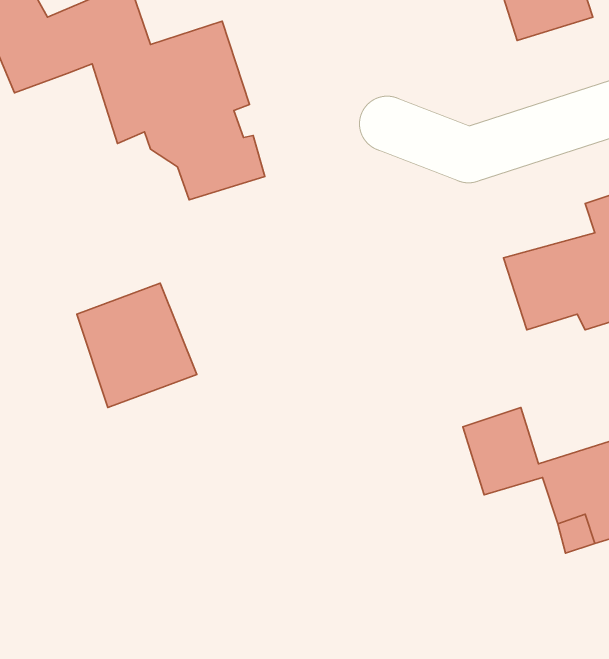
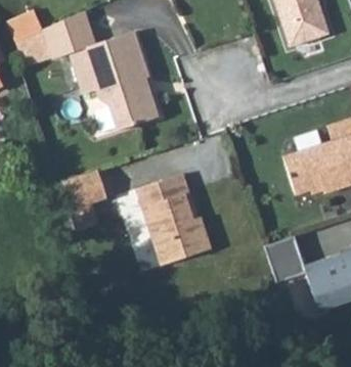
building: none -> [133,171,212,266]

